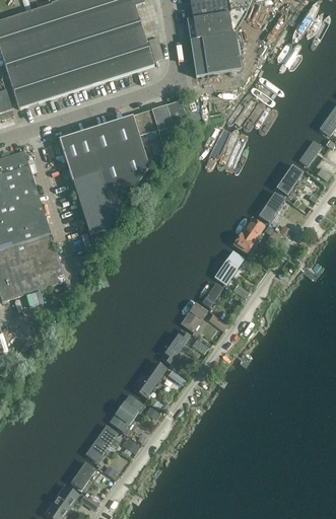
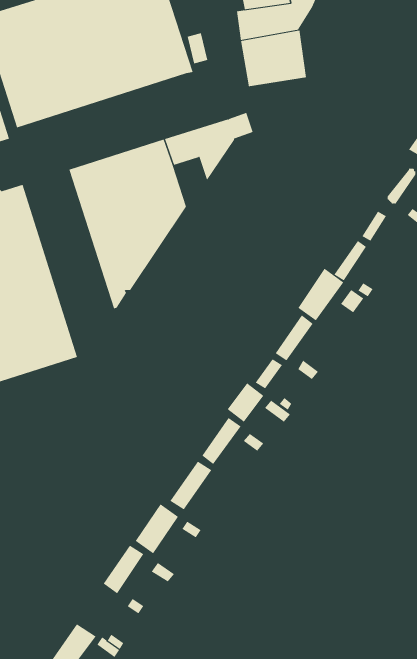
building: [71,459,97,489] -> none

